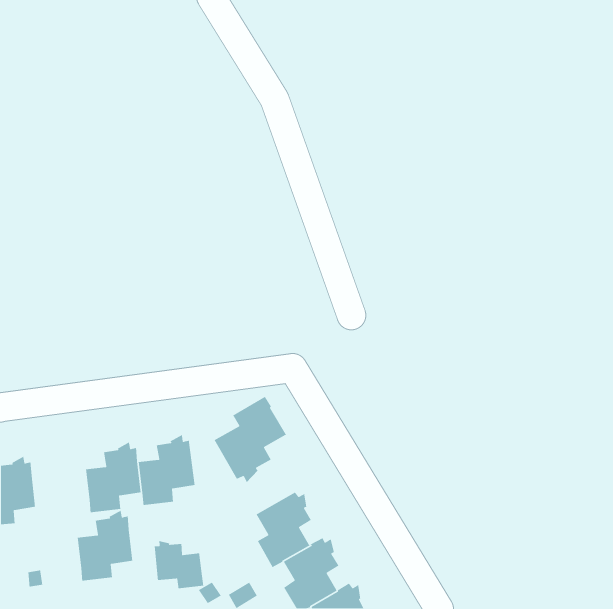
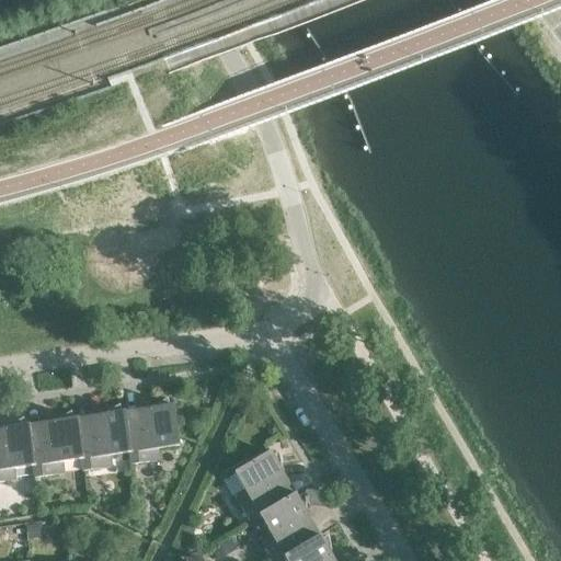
building: [214,396,287,483] -> none
building: [77,509,133,581] -> [30,410,81,476]
building: [154,540,204,589] -> none

